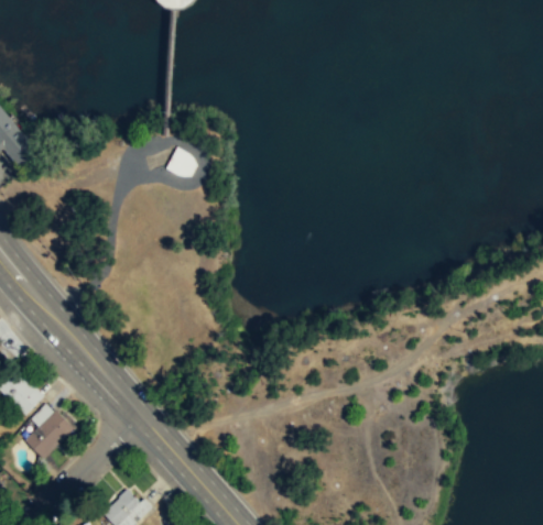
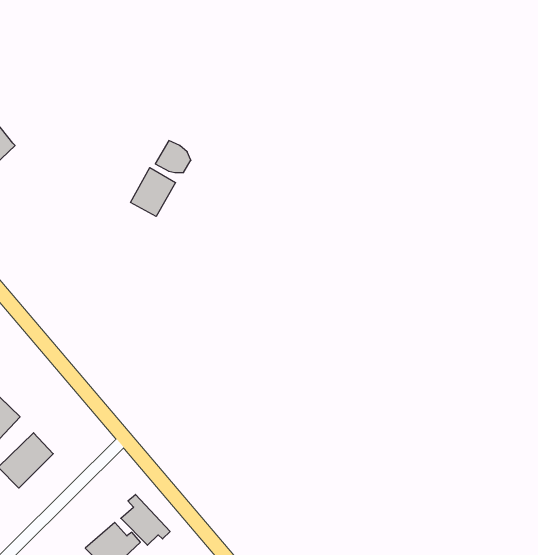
building: none -> [131,168,176,216]
building: none -> [121,494,170,545]

